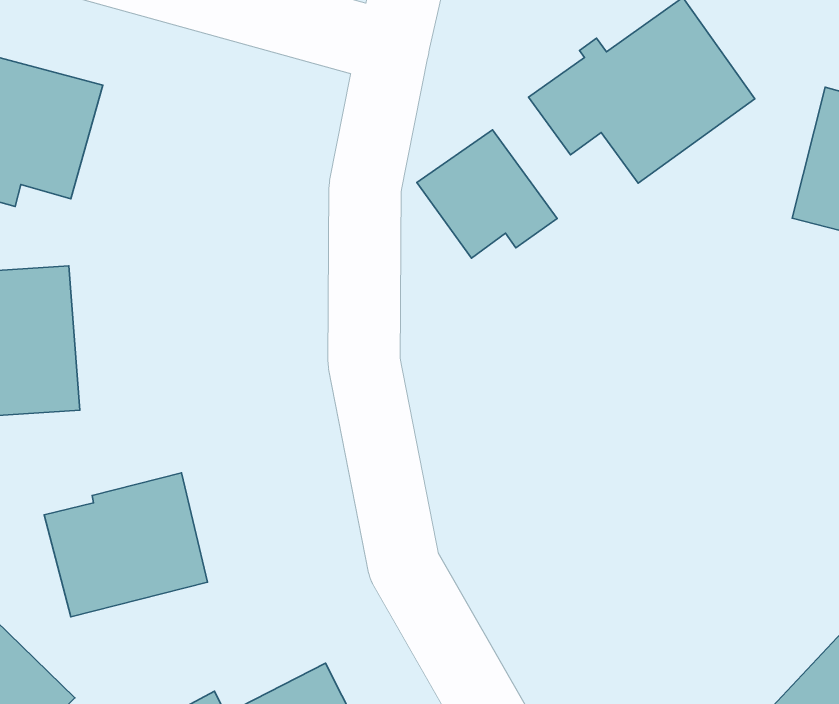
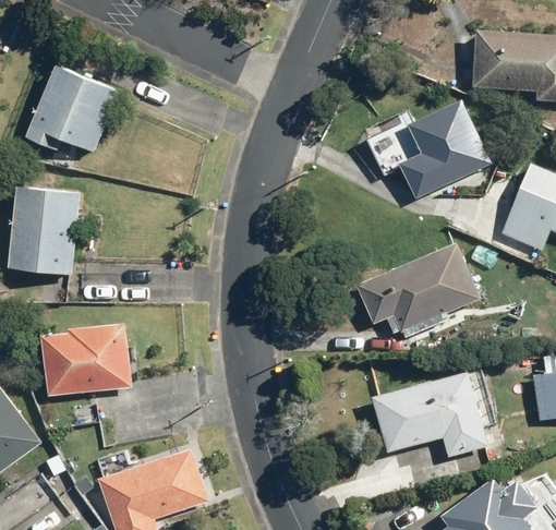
building: [417,130,557,258] -> none
building: none -> [356,243,481,341]
building: none -> [370,371,488,457]

